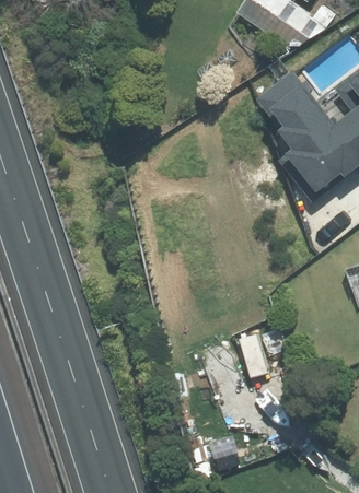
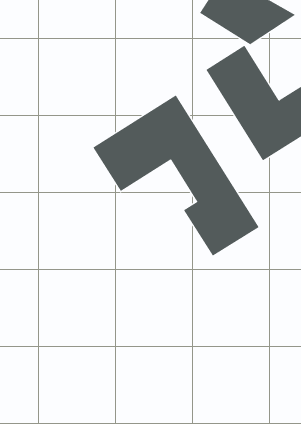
building: none -> [93,95,259,257]

